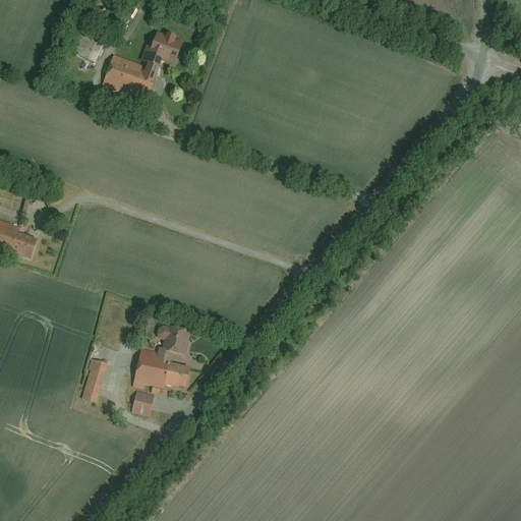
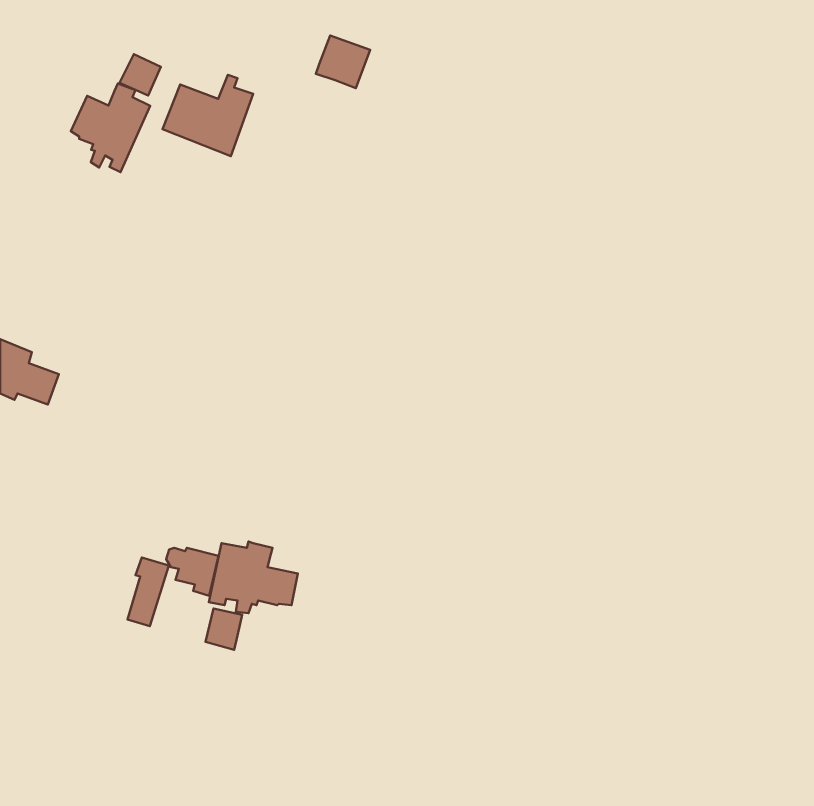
building: [150,32,184,65] -> [316,35,370,88]
building: none -> [71,84,150,172]
building: [156,327,189,357] -> [166,548,219,596]

